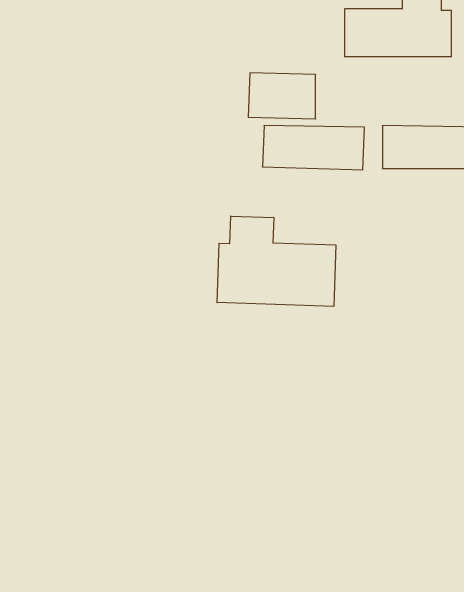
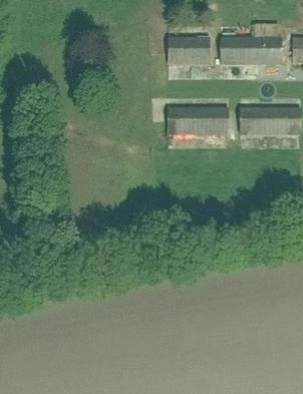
building: [248,73,316,119] -> [168,35,209,63]
building: [217,216,336,306] -> none

